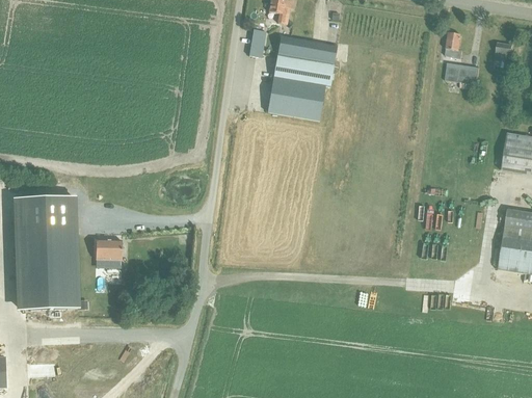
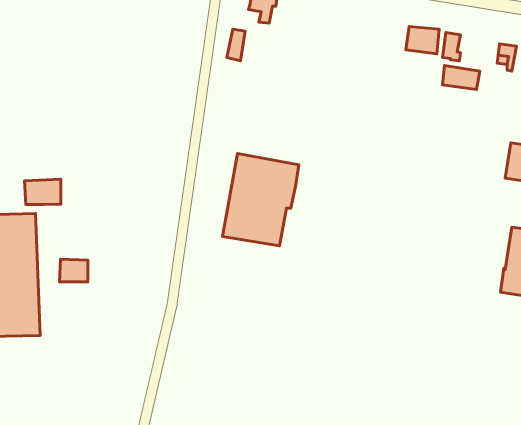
building: none -> [406,26,439,54]
building: [267,35,337,120] -> [223,153,299,246]
building: none -> [24,179,61,204]

